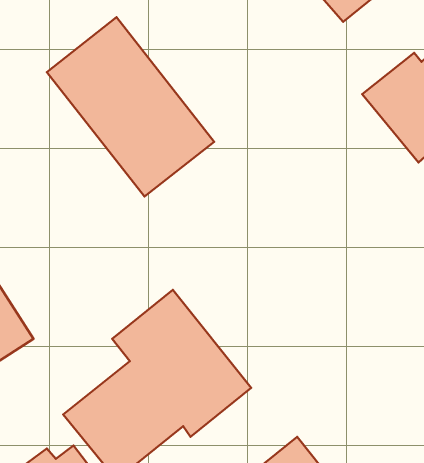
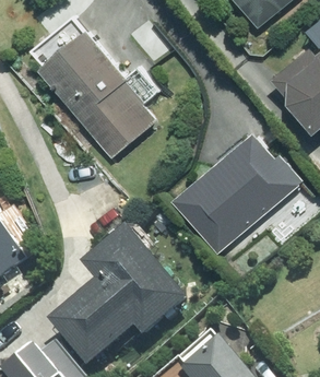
building: none -> [168,128,297,249]

